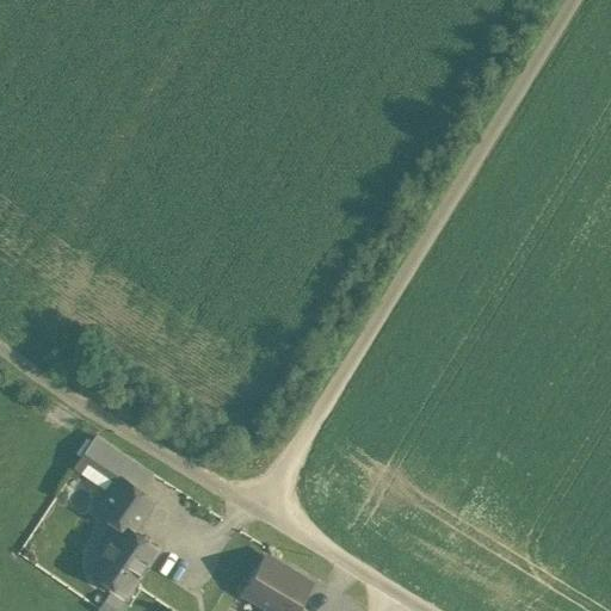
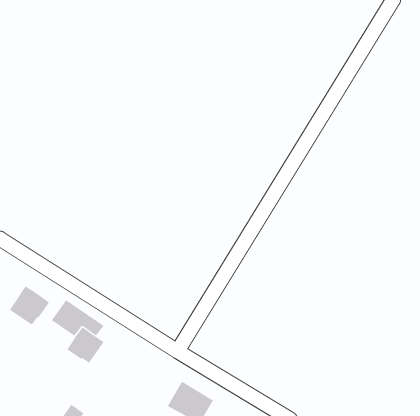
building: none -> [9,286,50,326]
building: [88,526,155,597] -> none

